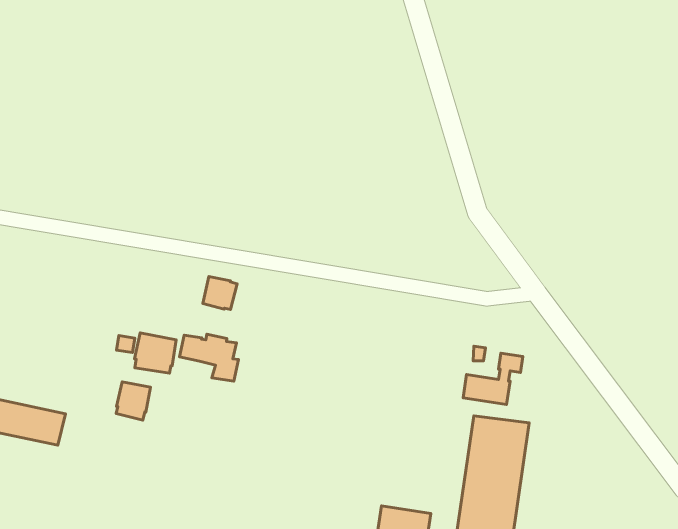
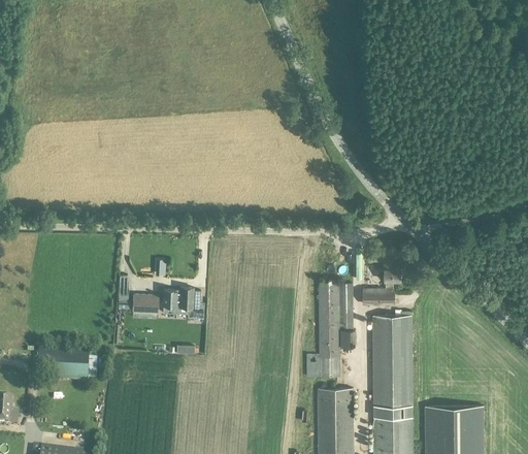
building: [203,276,237,310] -> none
building: none -> [306,283,356,377]
building: [116,382,150,420] -> none

